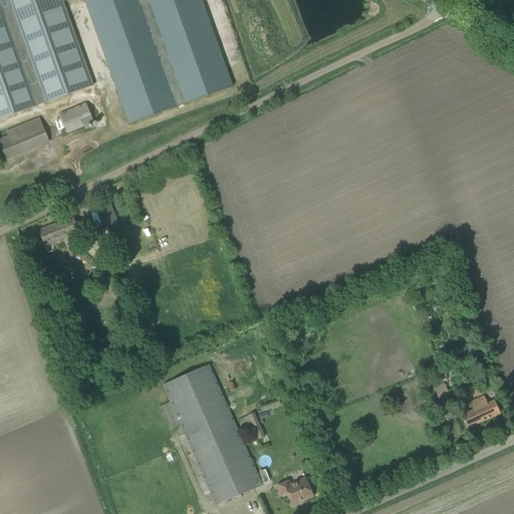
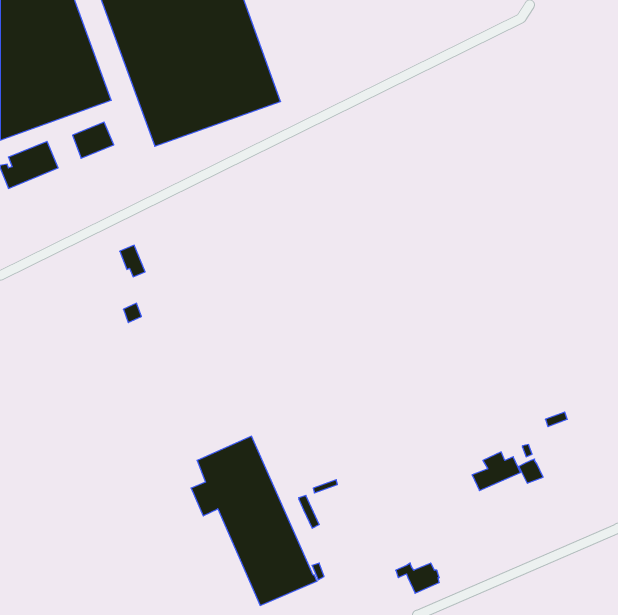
building: [39,215,79,244] -> none
building: [461,395,501,427] -> [472,452,520,491]
building: [277,479,313,504] -> [396,563,439,593]

